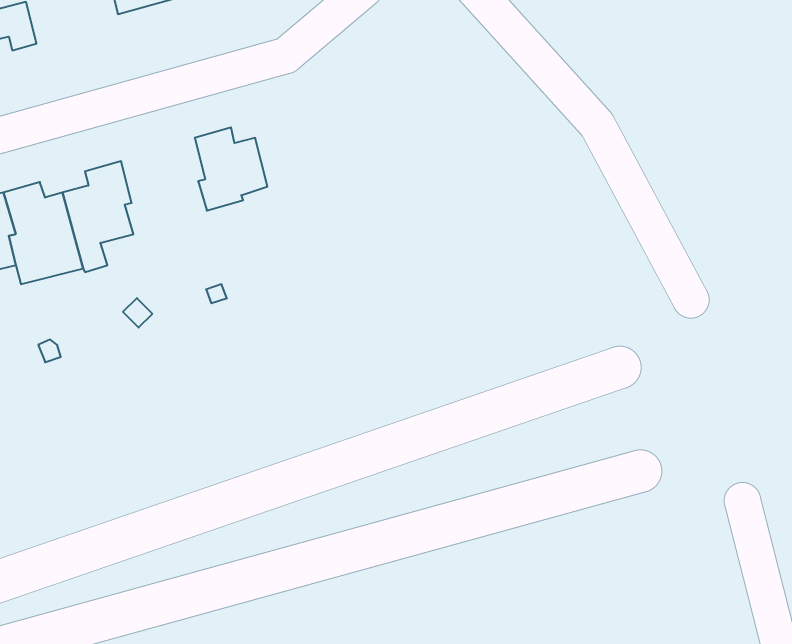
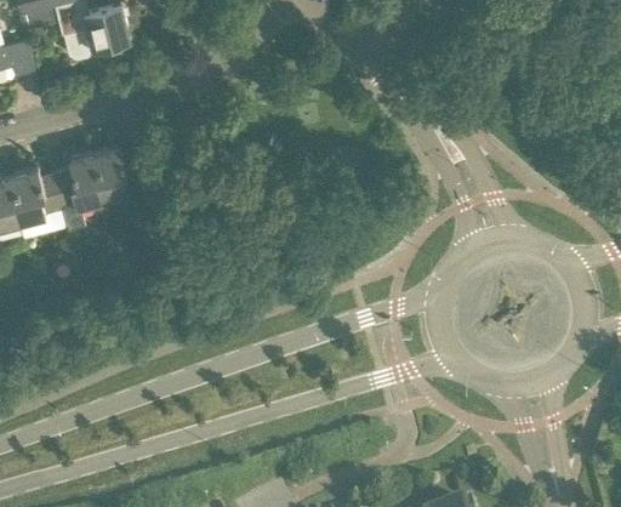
building: [195,127,267,211] -> [92,142,143,200]

